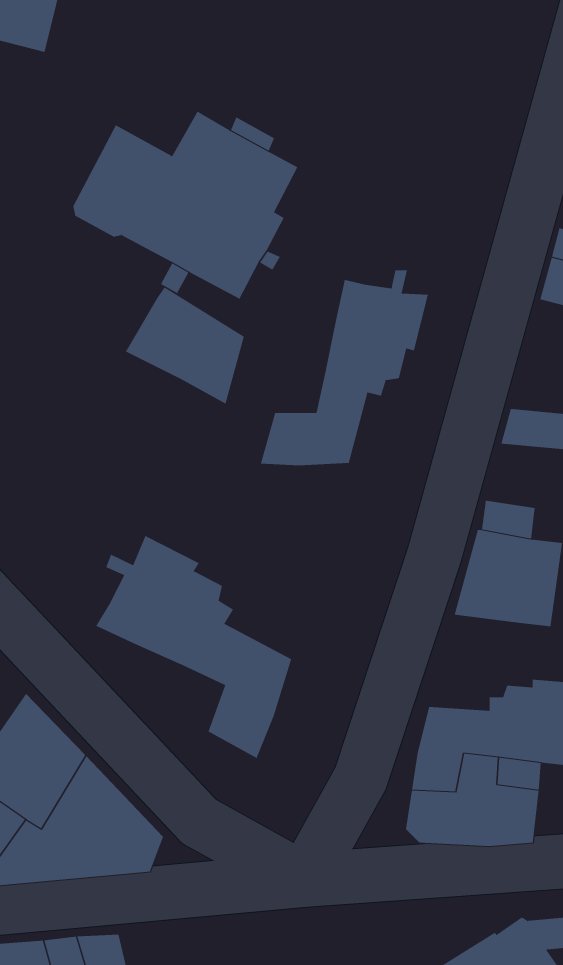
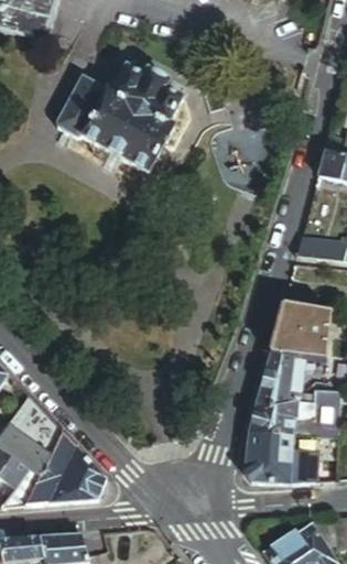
building: [260,269,428,466] -> none
building: [125,287,245,405] -> none
building: [96,535,292,759] -> none
building: none -> [256,354,305,408]

